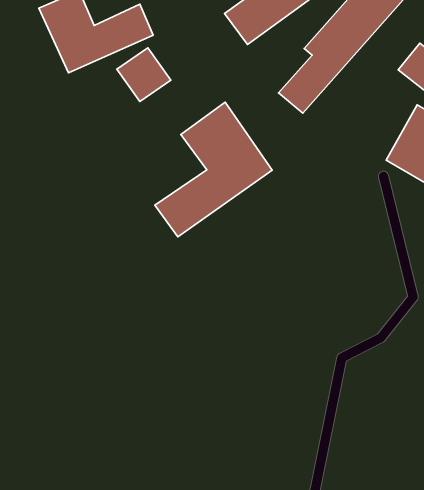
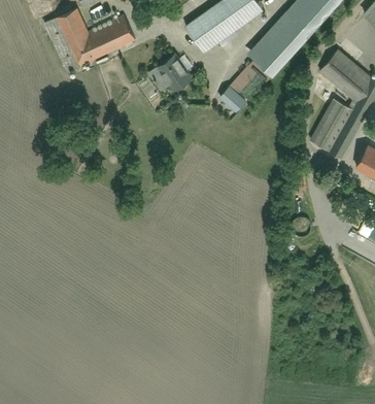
building: [117,48,171,102] -> [150,57,192,98]
building: [155,102,272,237] -> none

